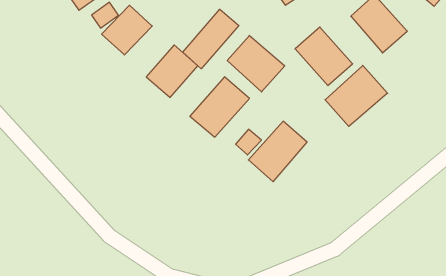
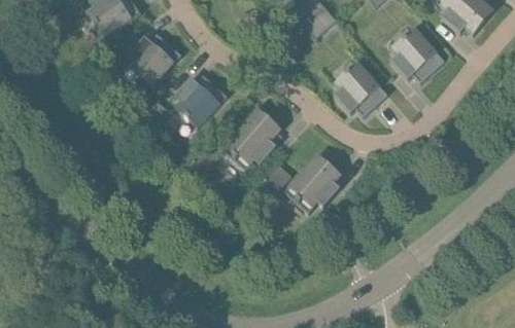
building: [183,9,239,69] -> none
building: [227,35,285,92] -> none
building: [325,65,388,126] -> none

